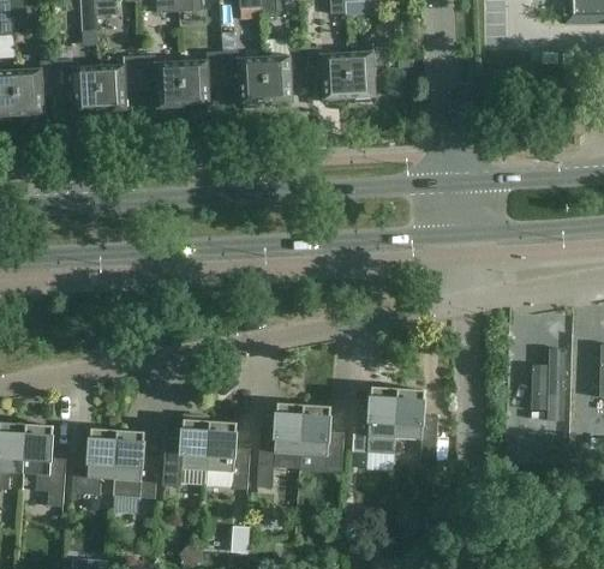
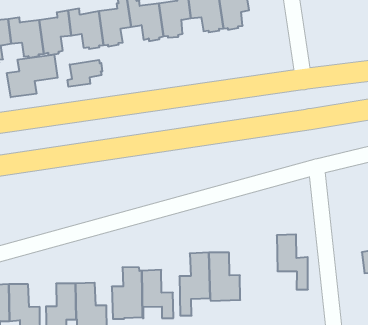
building: none -> [7,54,58,97]
building: none -> [68,60,102,87]
building: [352,387,397,455] -> none

